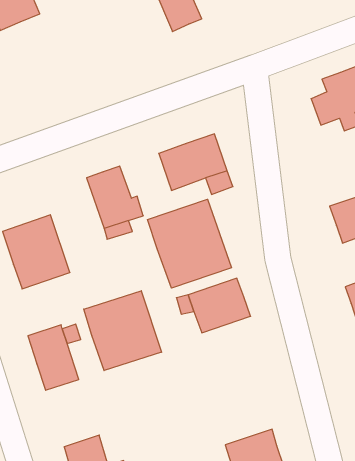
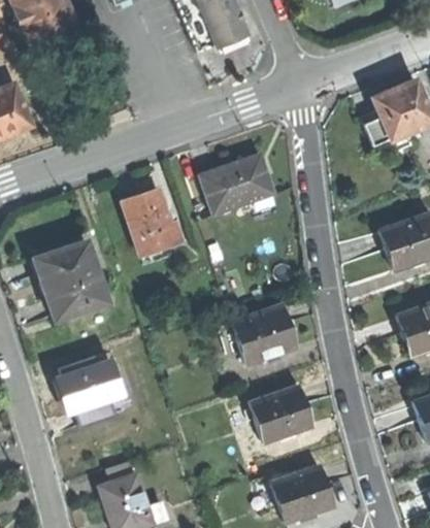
building: [148,199,231,288] -> none
building: [84,291,162,371] -> none
building: none -> [250,388,311,441]

